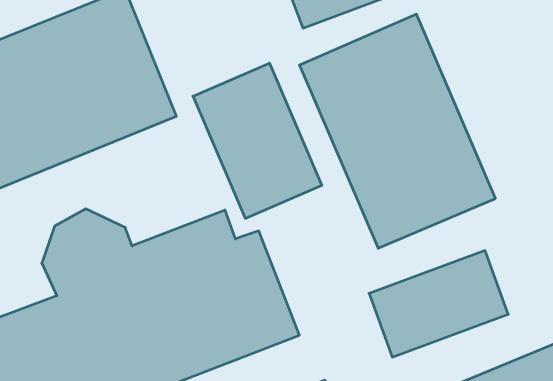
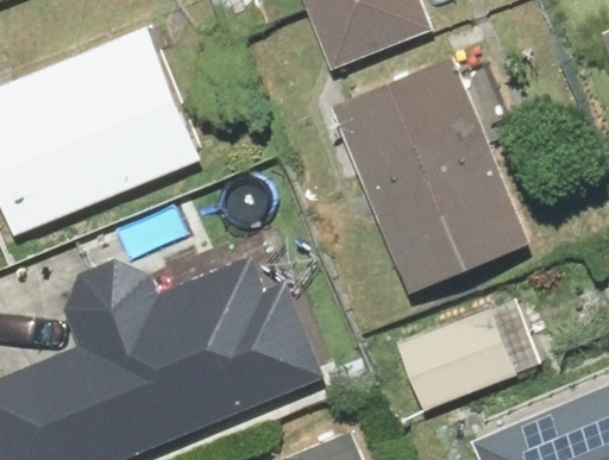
building: [193,63,322,218] -> none

